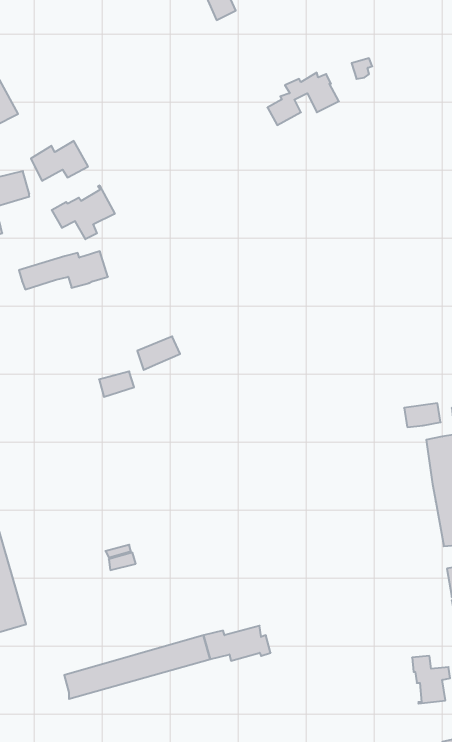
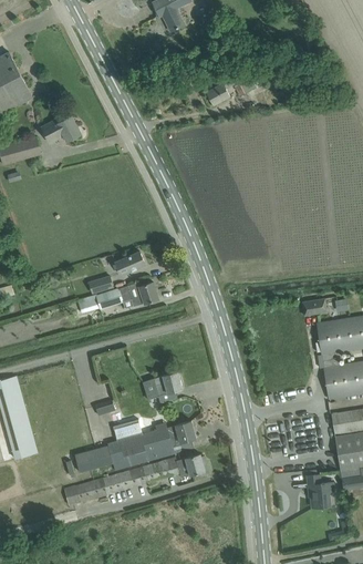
building: [52,185,115,239] -> none
building: [19,251,108,289] -> [95,281,157,308]
building: none -> [152,371,182,394]
building: none -> [73,419,195,472]

